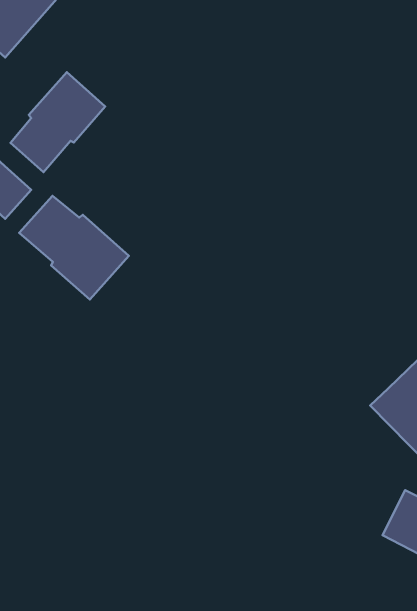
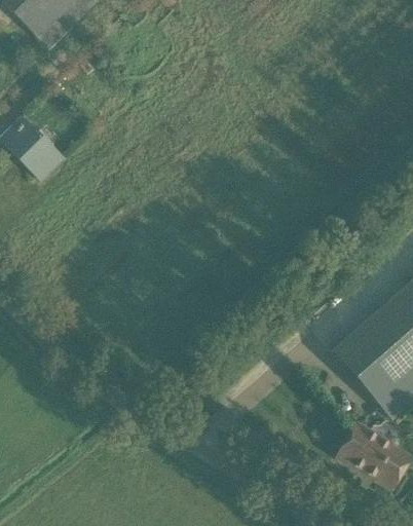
building: [11,72,105,172] -> none
building: [19,196,129,300] -> none

